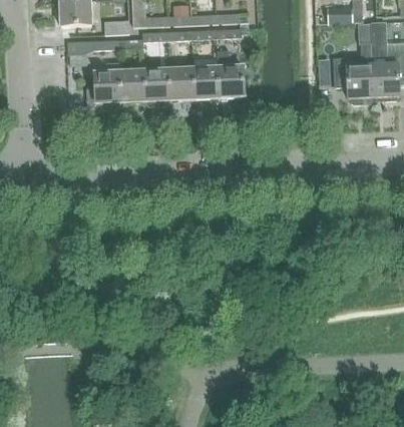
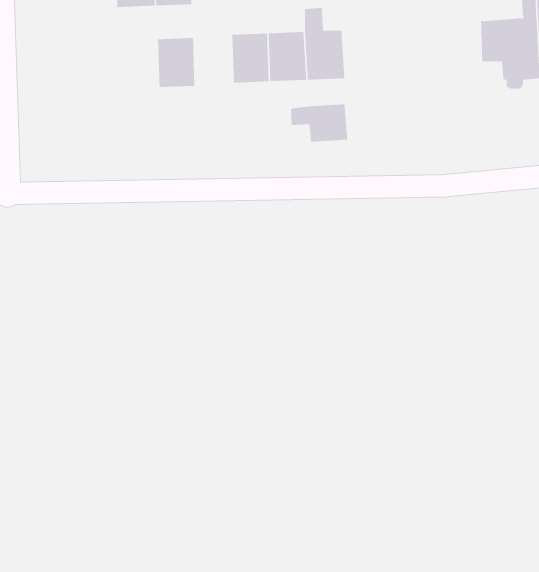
building: [86,63,120,110] -> none
building: [143,68,169,107] -> none
building: none -> [290,103,348,142]

